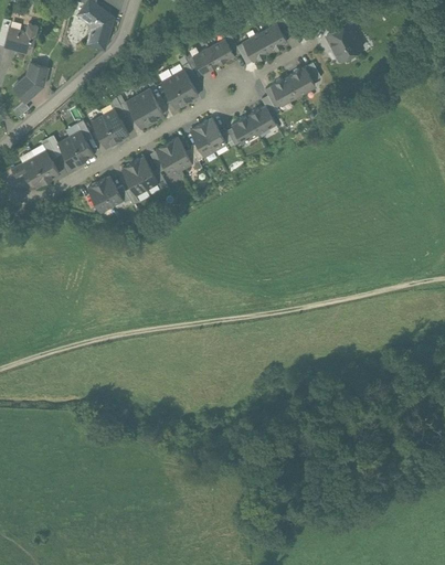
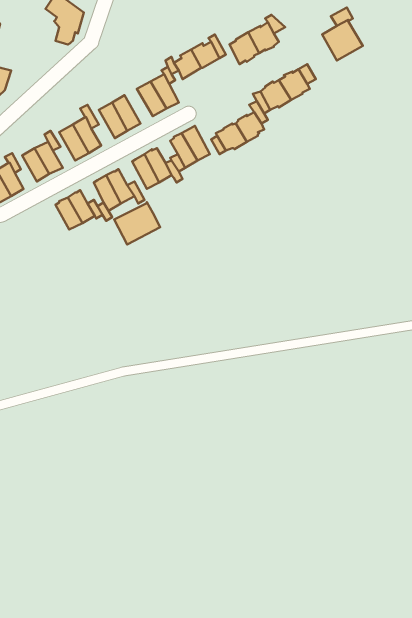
building: none -> [114,202,160,244]

